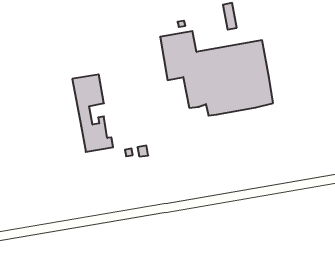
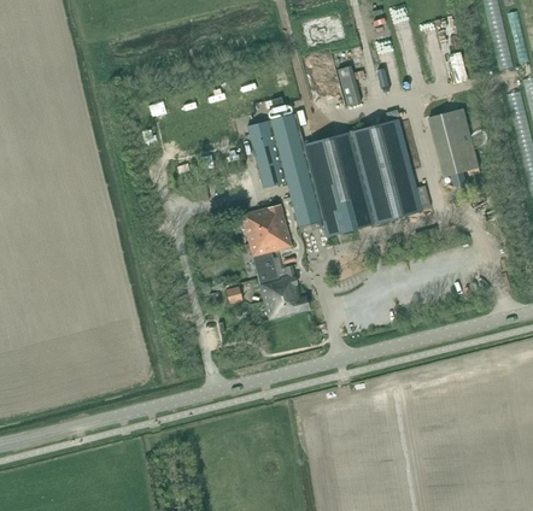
building: none -> [428,108,480,176]
building: [72,74,113,152] -> [241,204,309,319]

